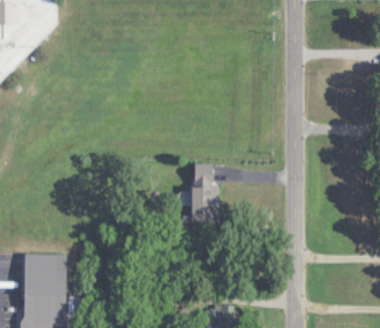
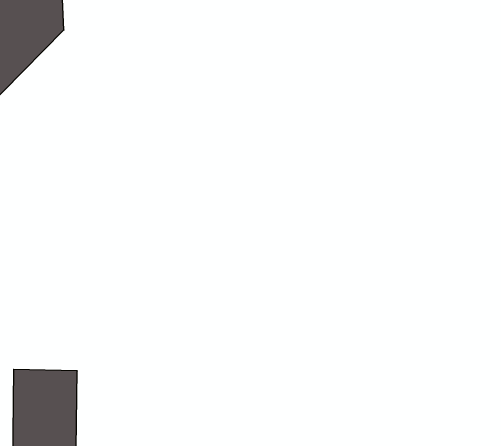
building: [192,163,220,222] -> none

